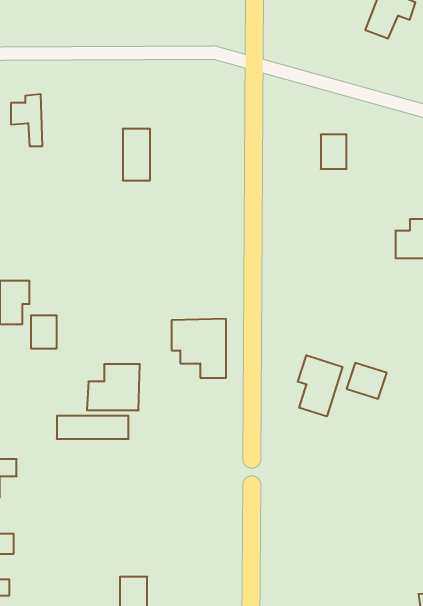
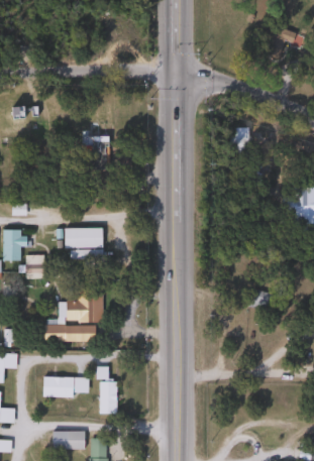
building: [172,319,226,378] -> [65,227,103,268]
building: [298,355,342,416] -> none
building: none -> [43,377,89,396]
building: none -> [100,381,117,414]
building: none -> [53,431,85,449]

